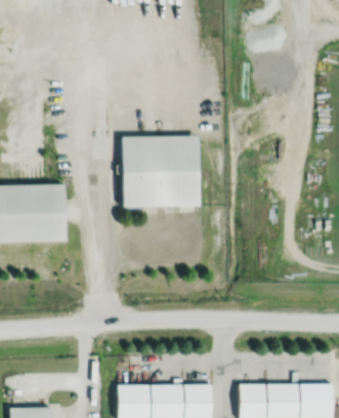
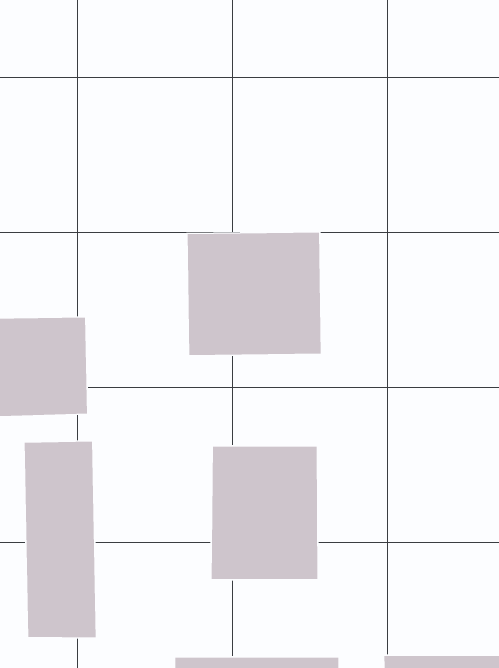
building: none -> [24,441,96,638]
building: none -> [211,446,318,580]

